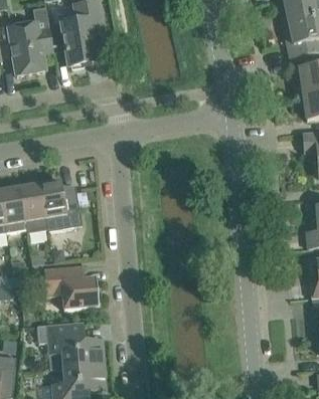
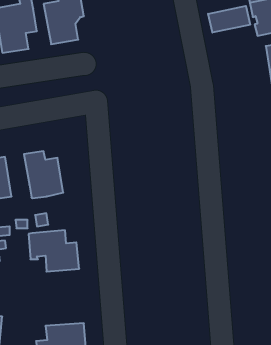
building: none -> [208,6,250,33]
building: [19,183,47,232] -> none
building: [36,322,104,367] -> none

